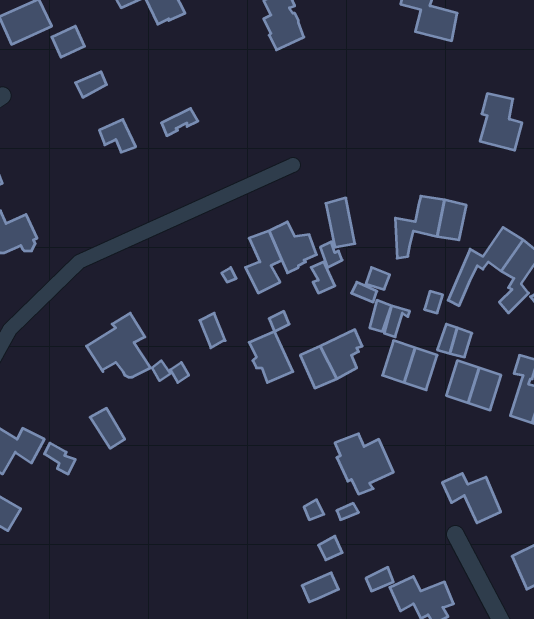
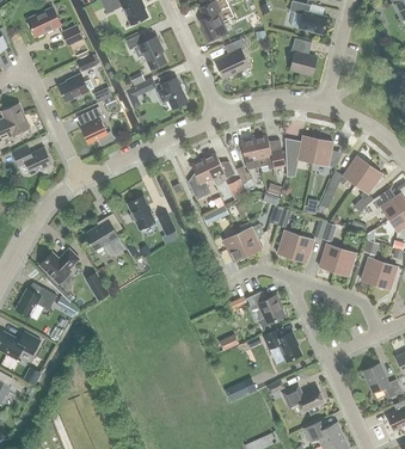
building: none -> [125,33,166,69]
building: none -> [215,38,248,78]
building: [480,94,522,150] -> [289,38,317,75]
building: none -> [59,74,93,102]
building: none -> [158,78,188,109]
building: none -> [80,106,113,144]
building: none -> [253,135,282,168]
building: [249,331,293,383] -> [127,196,155,229]
building: none -> [39,248,79,283]
building: [442,473,501,523] -> [263,330,301,362]

